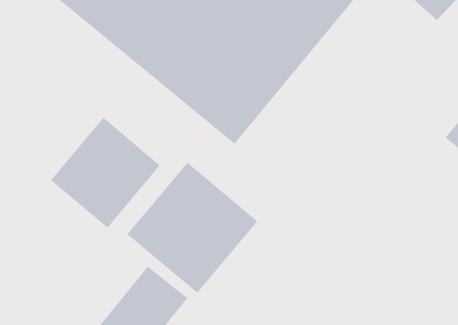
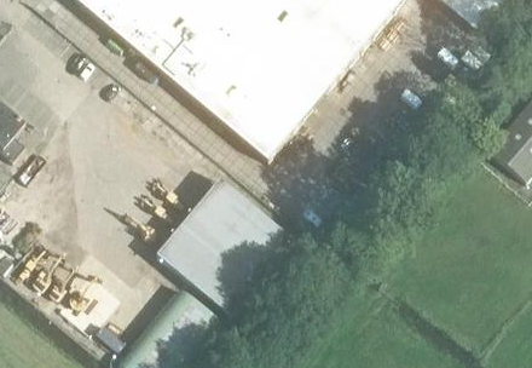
building: [50,117,161,228] -> none

